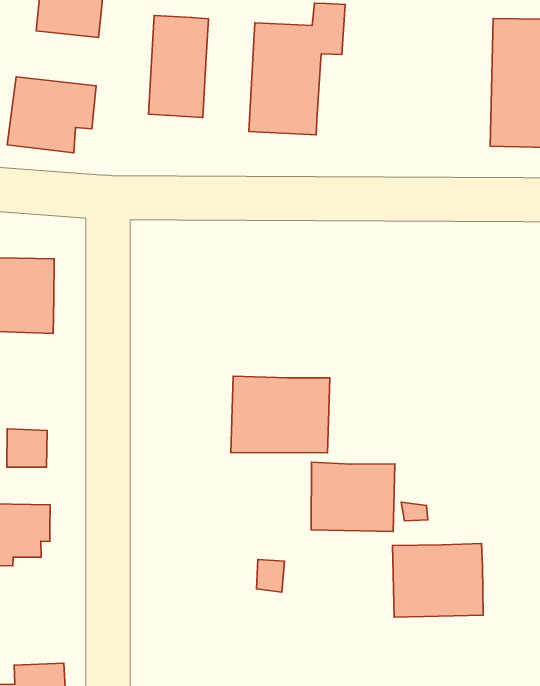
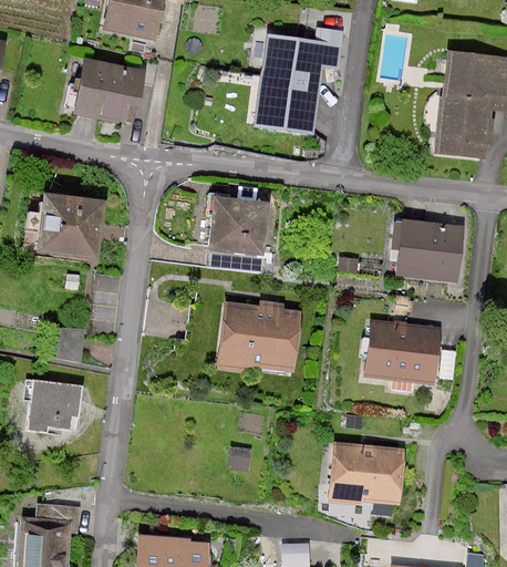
building: [149,16,209,117] -> none
building: none -> [213,197,265,251]
building: none -> [402,219,459,280]
building: [311,462,395,531] -> [370,321,438,380]

